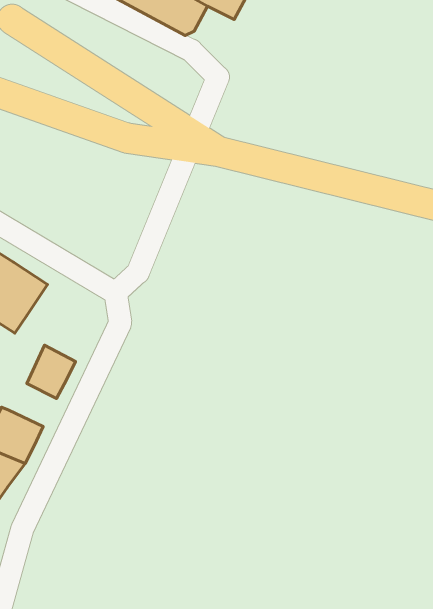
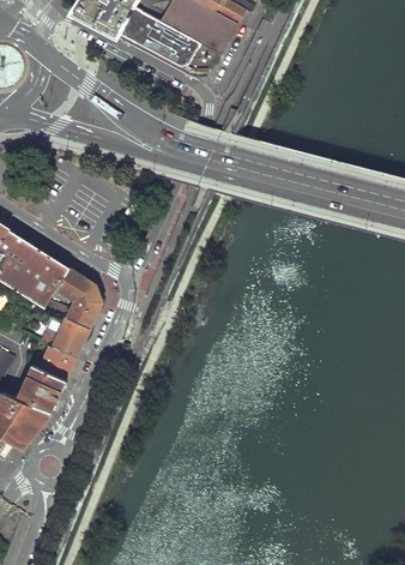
building: none -> [52,268,103,330]
building: none -> [37,347,75,383]

